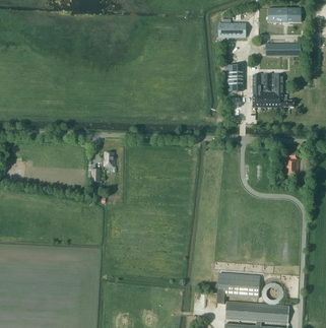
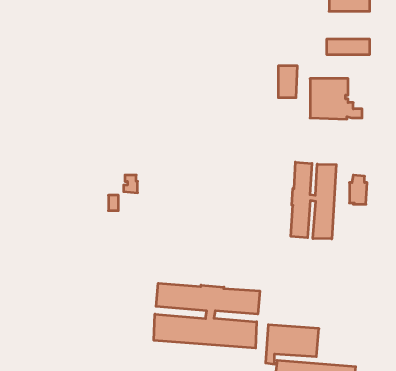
building: [218,22,246,37] -> none
building: none -> [291,162,336,239]
building: none -> [154,283,260,348]

